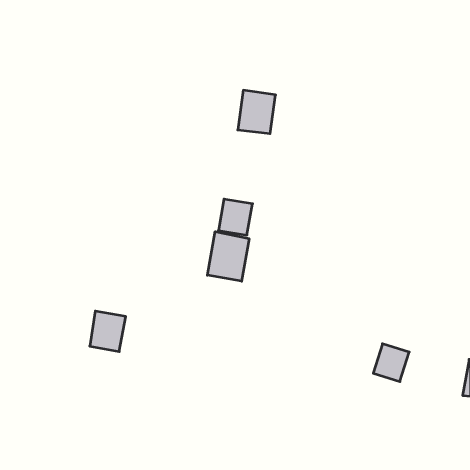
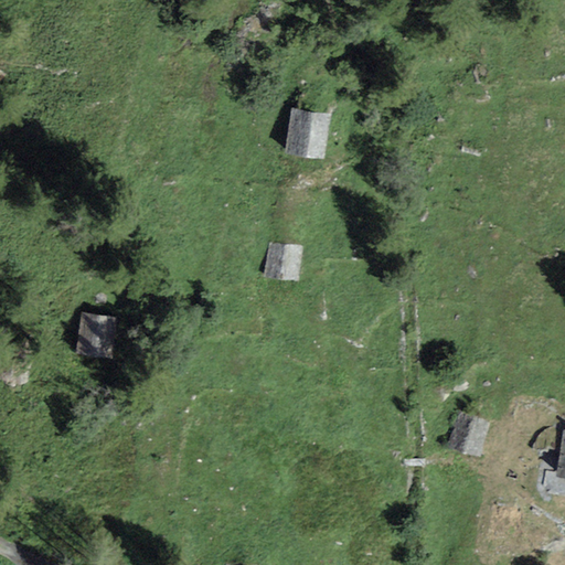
building: [207,232,249,281] -> none
building: [90,311,126,352] -> [75,311,118,360]

